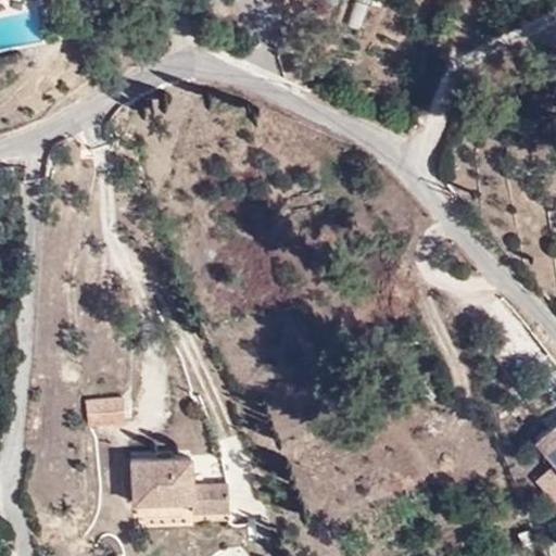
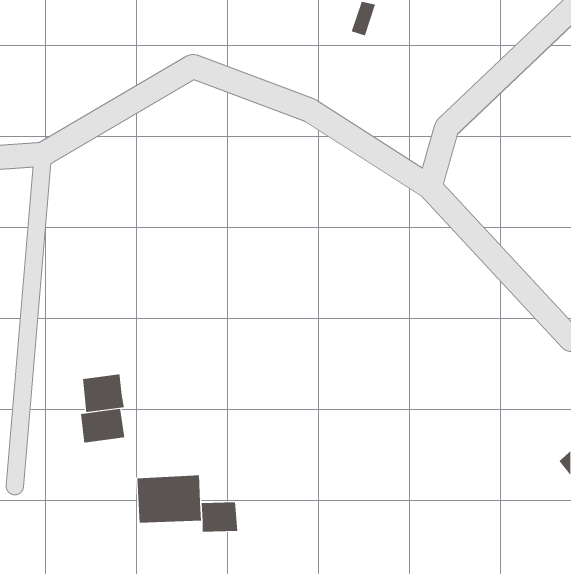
building: none -> [83,374,124,413]

